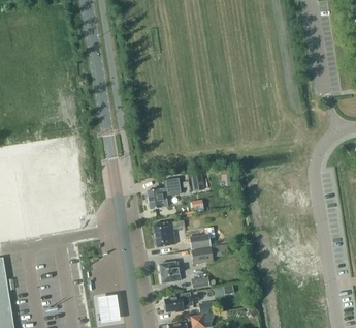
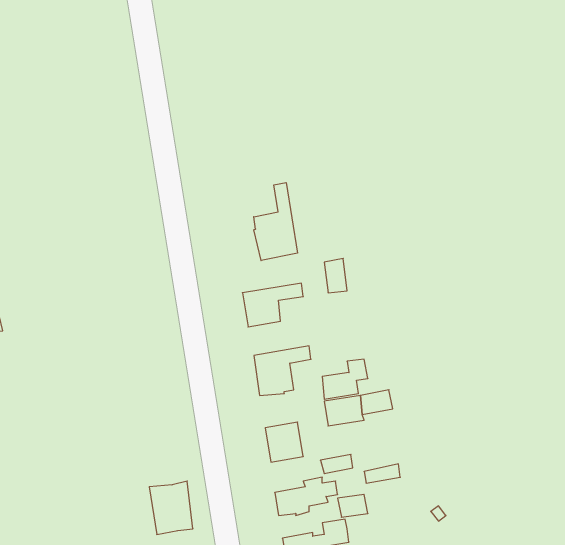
building: none -> [254,183,297,261]

